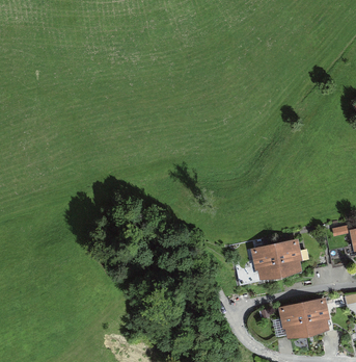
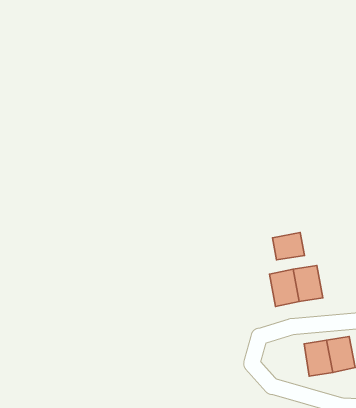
building: none -> [272,232,304,260]

